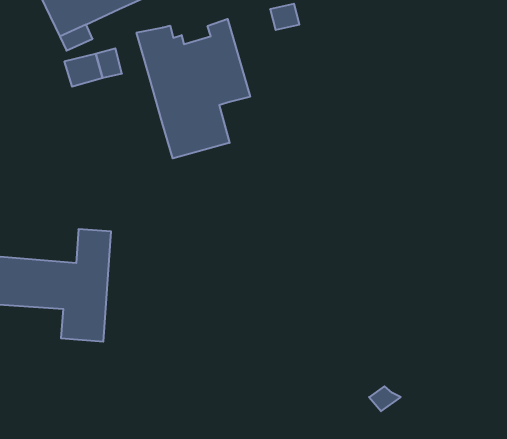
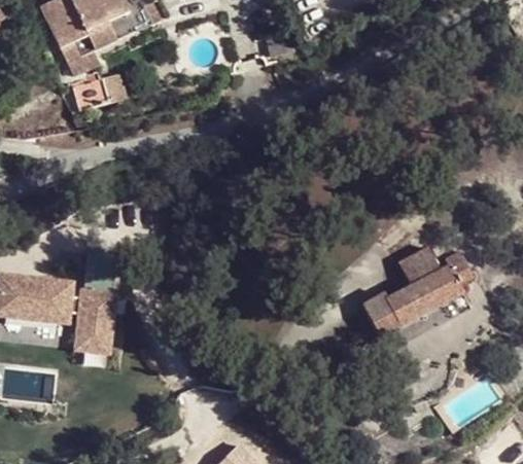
building: [137,19,250,158] -> none
building: none -> [363,249,476,337]

